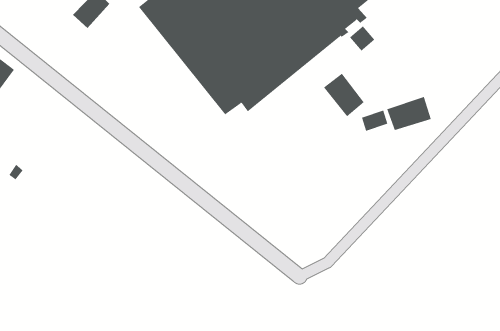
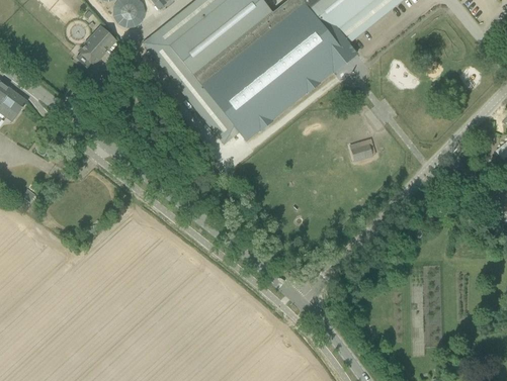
building: [323,73,364,117] -> none
building: [386,96,432,131] -> none

